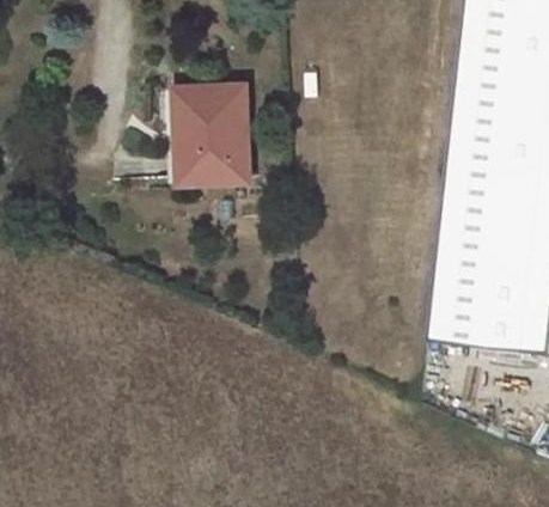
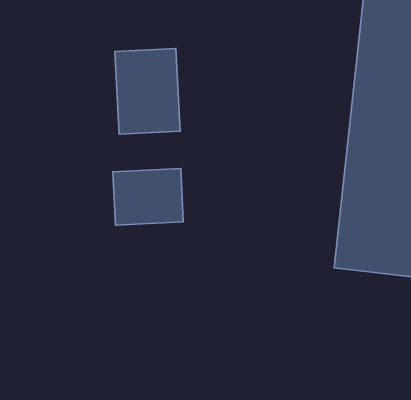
building: none -> [113,168,183,225]

